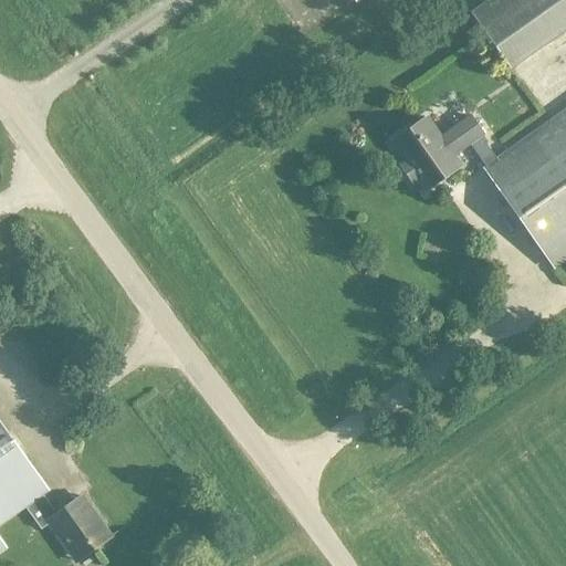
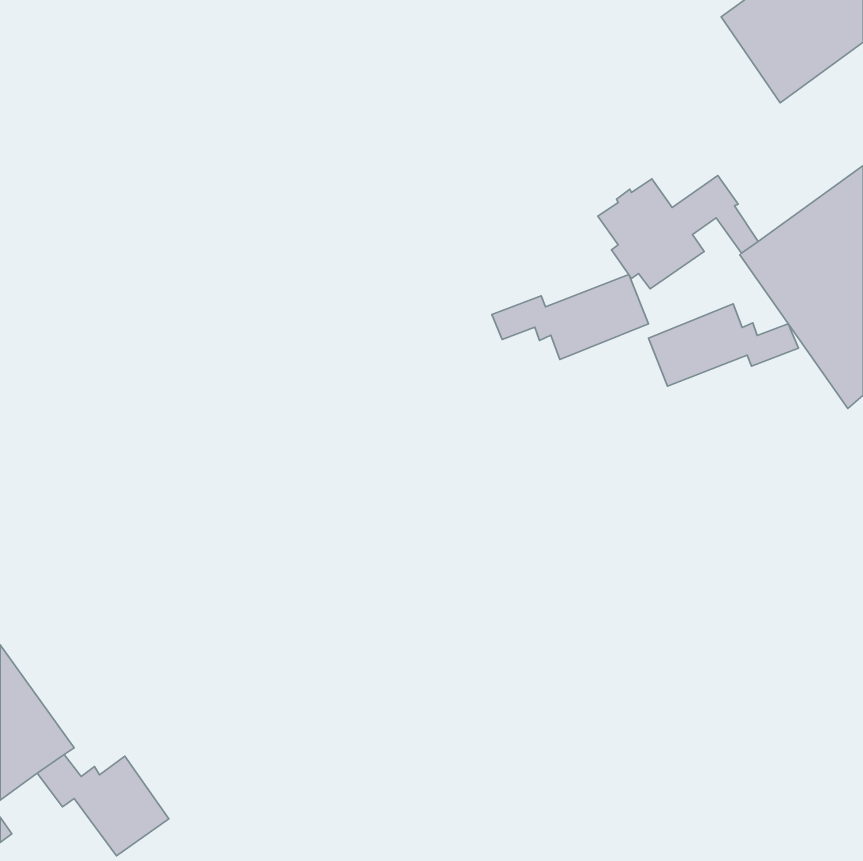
building: none -> [492,275,648,359]
building: none -> [648,304,799,386]

